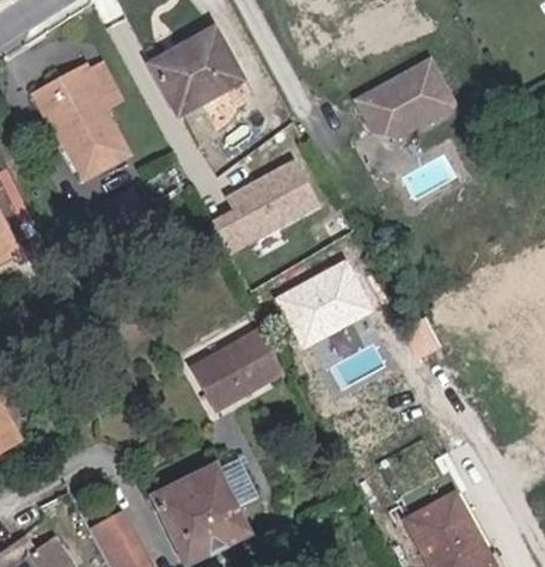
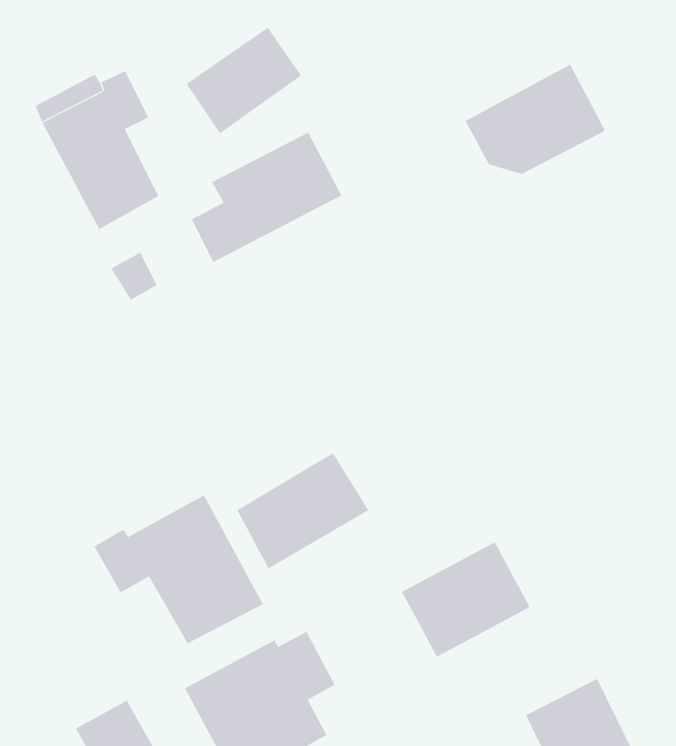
building: [215,161,323,255] -> [191,132,342,263]
building: [278,263,371,346] -> [401,542,530,657]
building: none -> [94,494,264,644]

